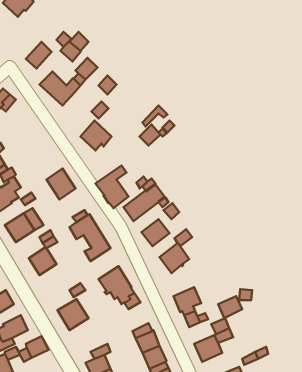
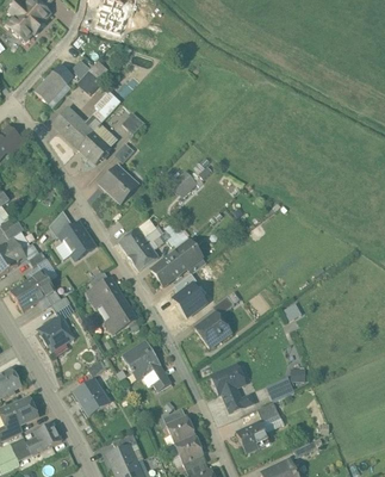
building: none -> [79,131,110,163]

